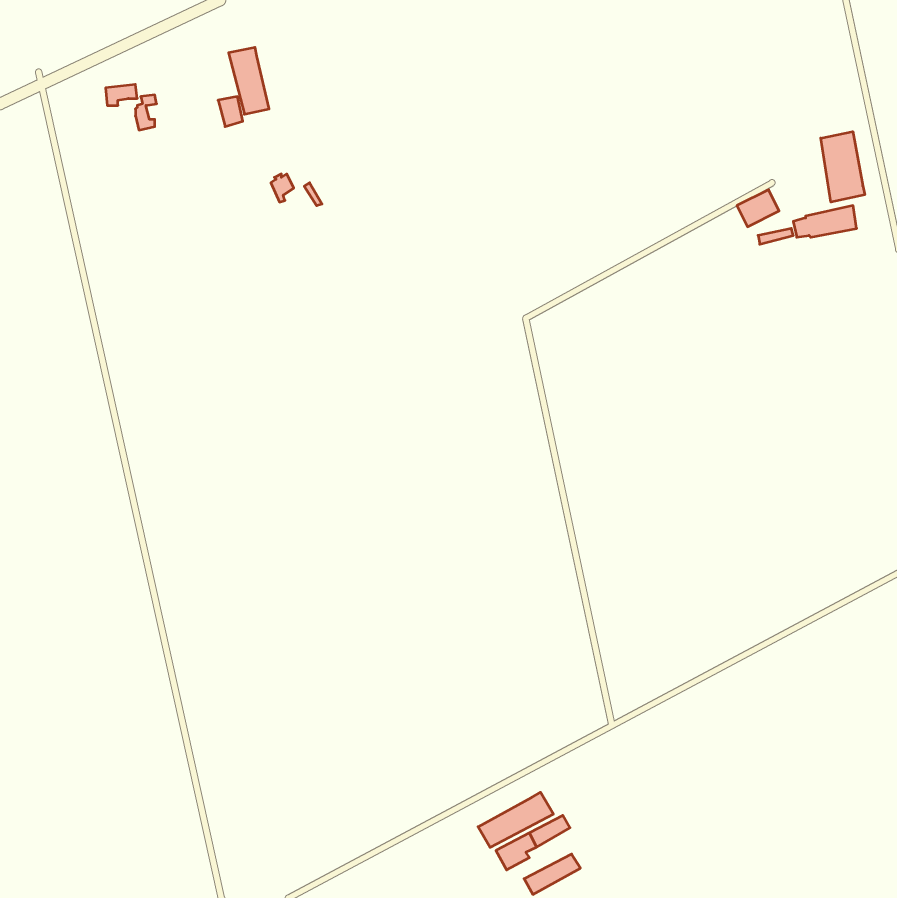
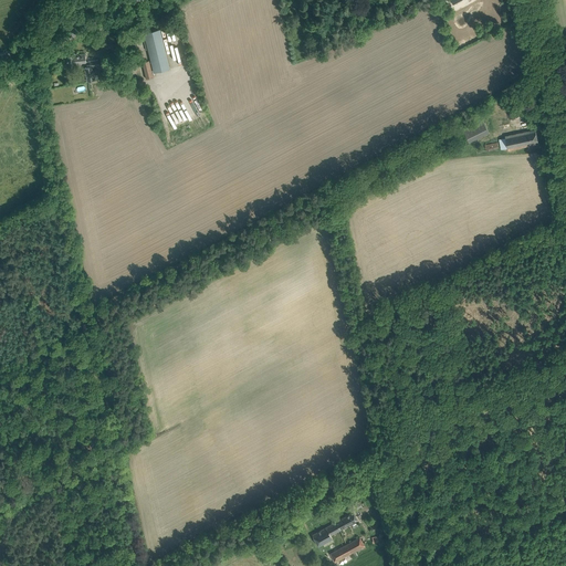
building: [821,132,865,202] -> none
building: [478,792,553,847] -> none

